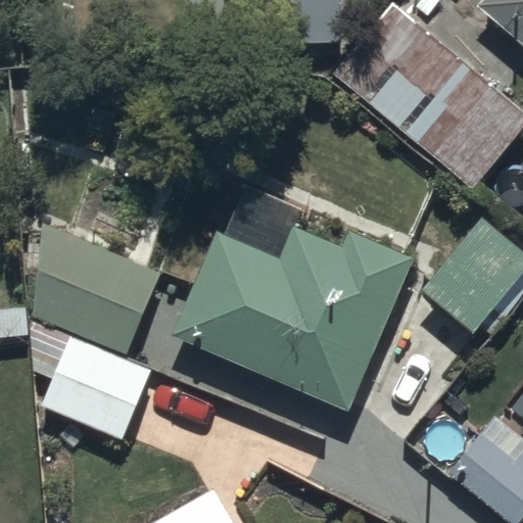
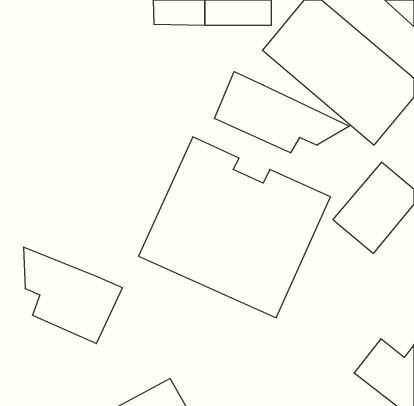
building: none -> [214,72,349,153]
building: [29,226,161,360] -> none

